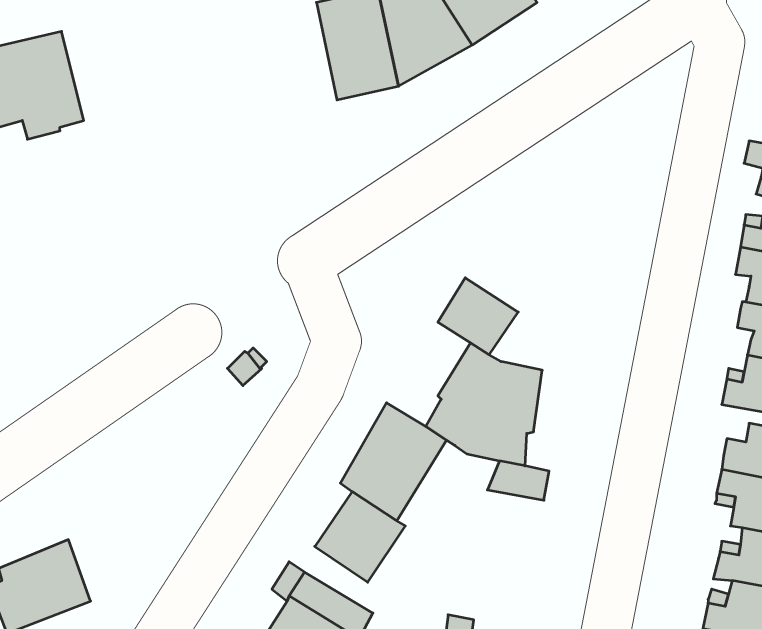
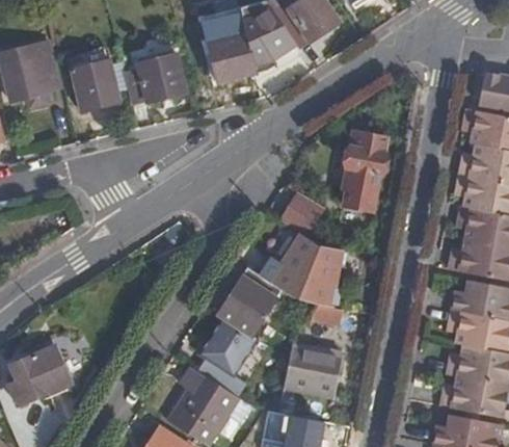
building: none -> [124,52,185,104]
building: none -> [72,59,118,109]
building: none -> [342,129,386,214]
building: none -> [287,342,343,396]

